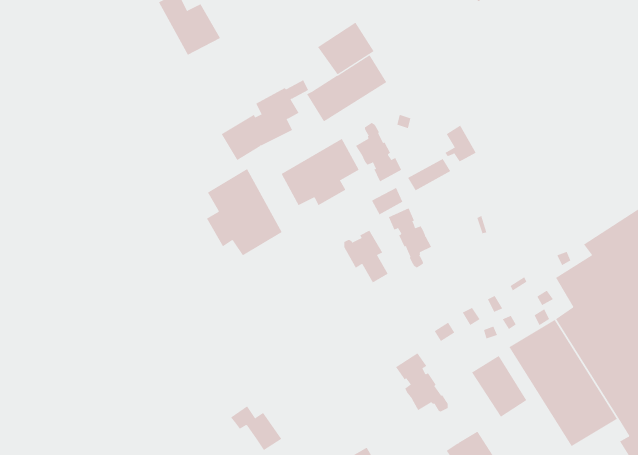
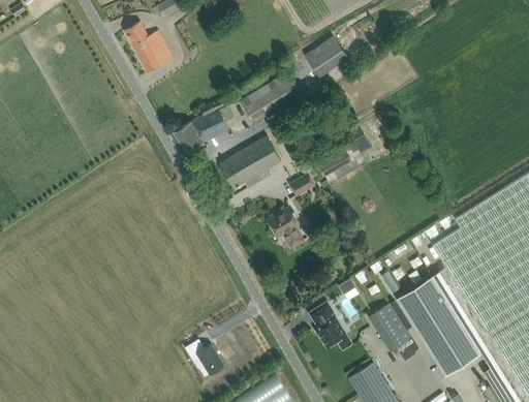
building: [317,22,374,75] -> [304,35,348,76]
building: [355,122,402,182] -> none
building: [206,168,283,256] -> none
building: [388,207,432,269] -> none

